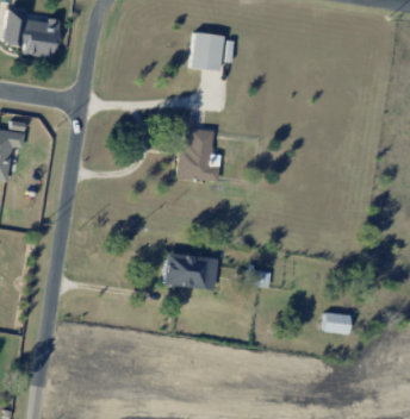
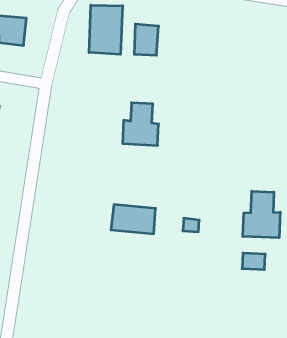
building: none -> [89,5,123,54]
building: none -> [243,191,280,238]

